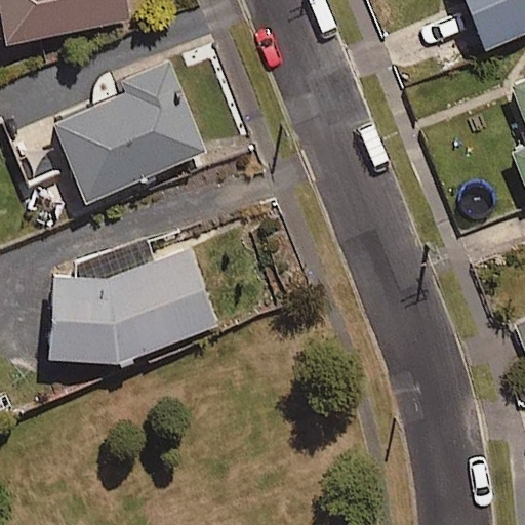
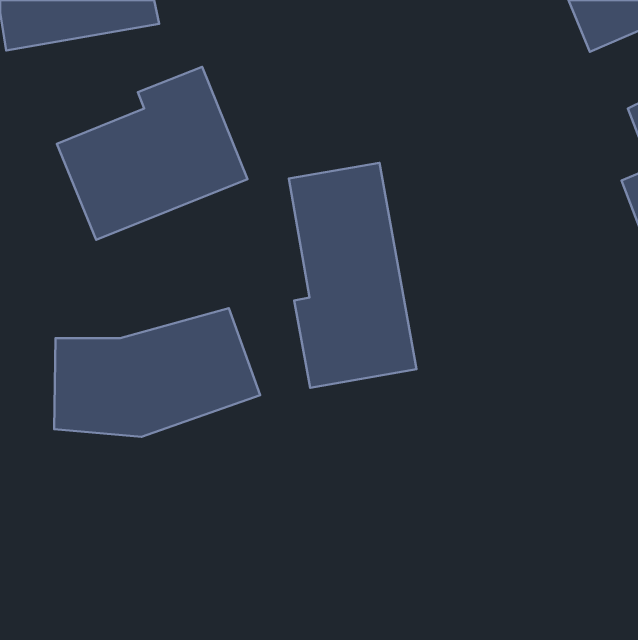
building: none -> [289,163,416,388]

